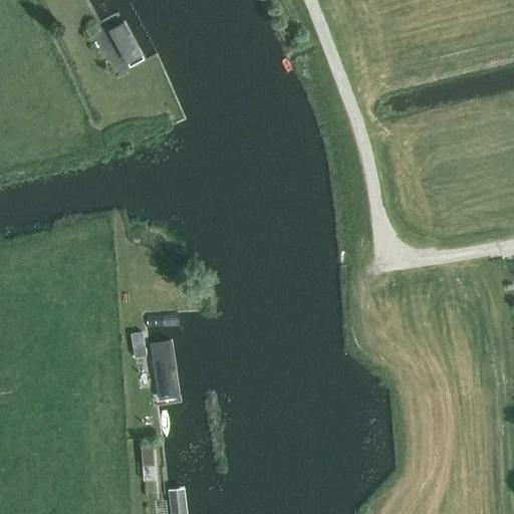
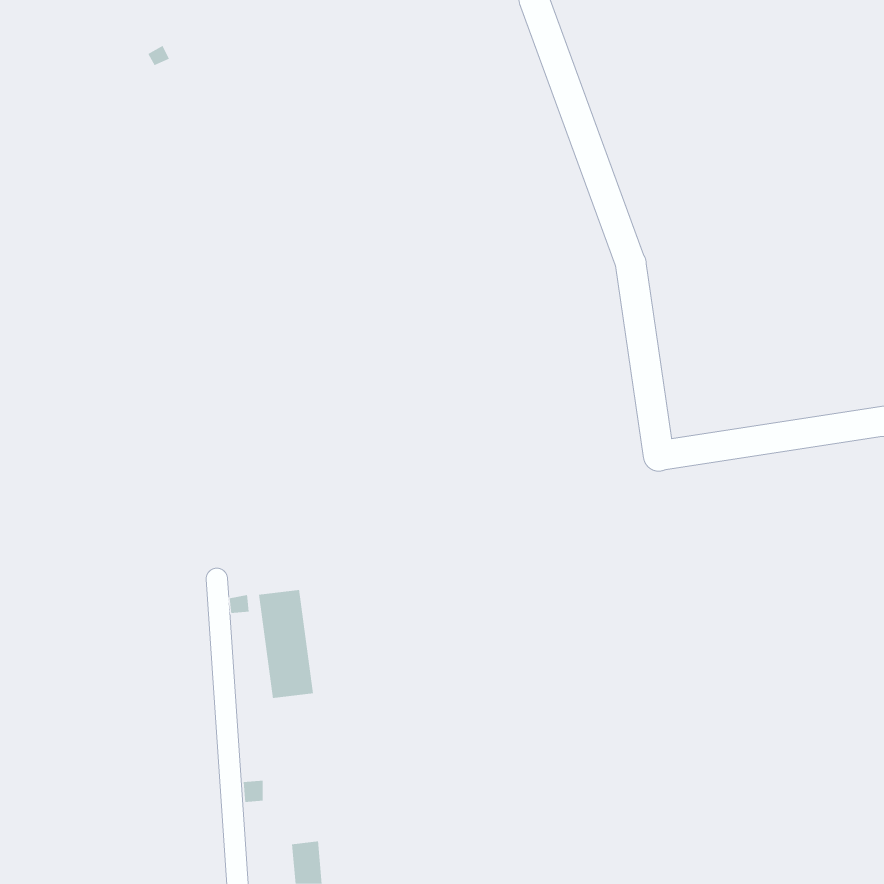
building: [107,23,141,65] -> none

